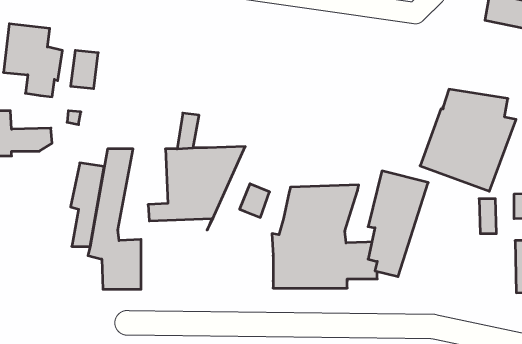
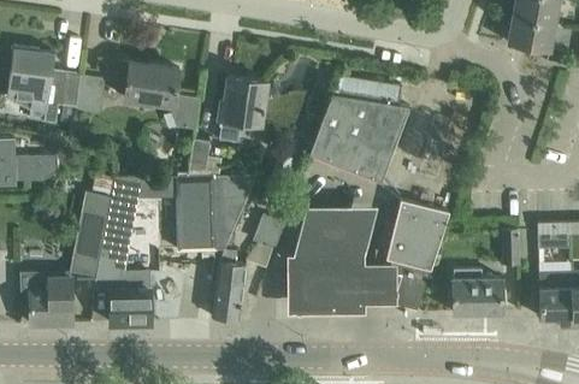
building: none -> [116,59,200,128]
building: none -> [219,75,267,142]
building: [420,89,516,191] -> [309,75,409,181]
building: none -> [213,248,247,319]
building: none -> [453,267,502,312]
building: none -> [20,271,72,323]

